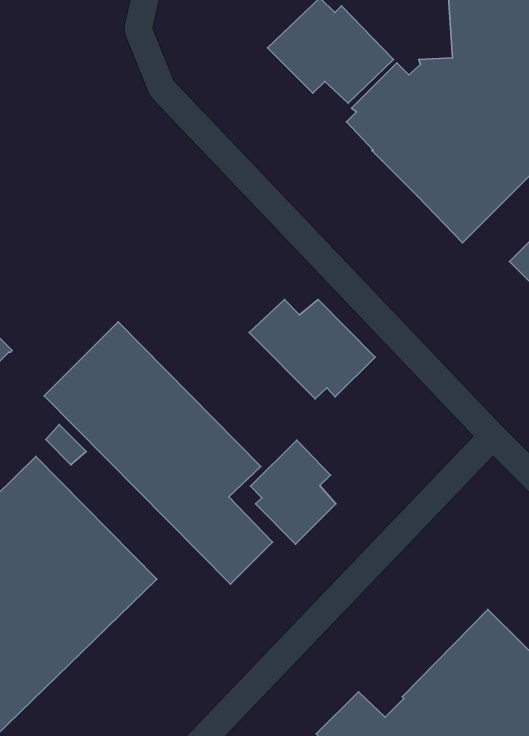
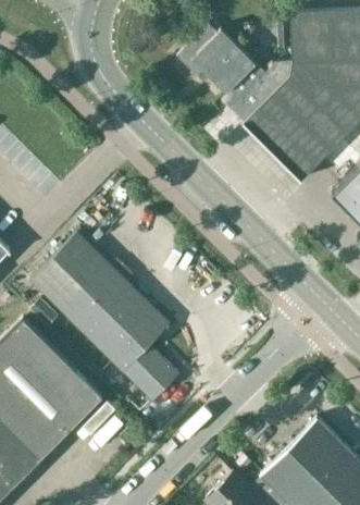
building: [249,299,375,399] -> none
building: [251,440,336,544] -> none

